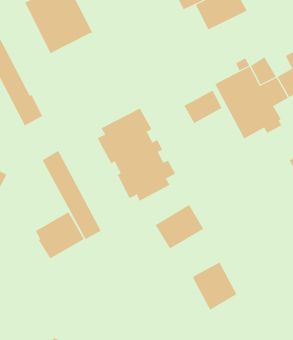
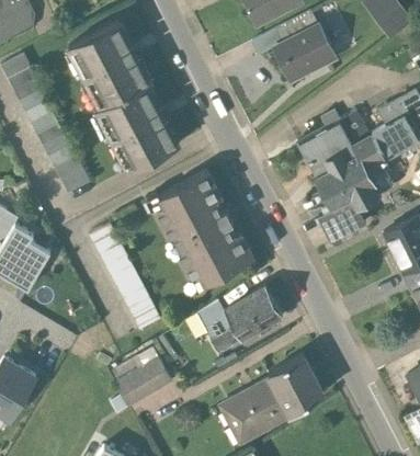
building: none -> [98,83,179,171]
building: [184,90,222,124] -> [320,196,366,237]
building: [35,212,85,259] -> [114,351,173,408]
building: none -> [196,301,242,354]
building: none -> [220,377,291,441]

